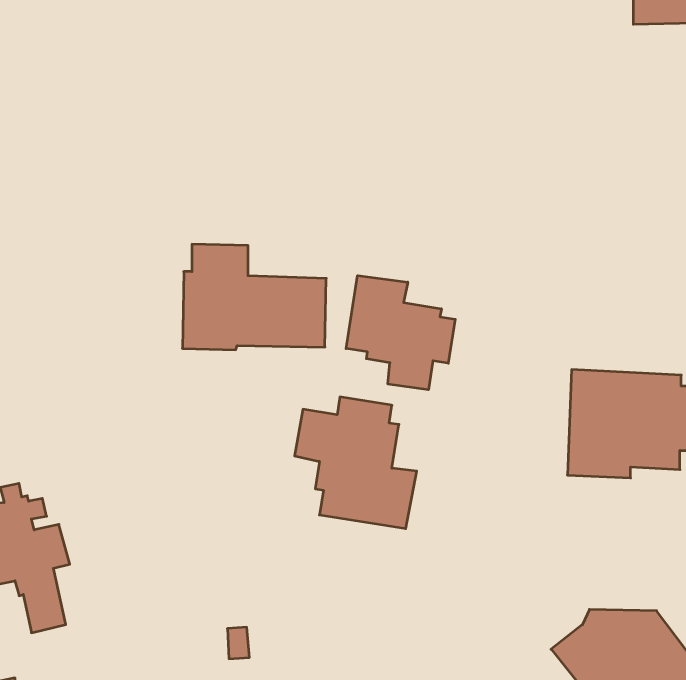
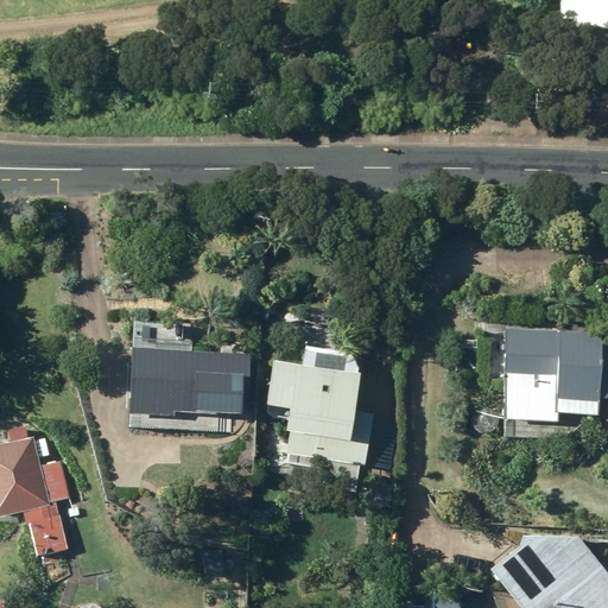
building: [182,244,326,350] -> [126,324,251,416]
building: [346,276,455,390] -> none

